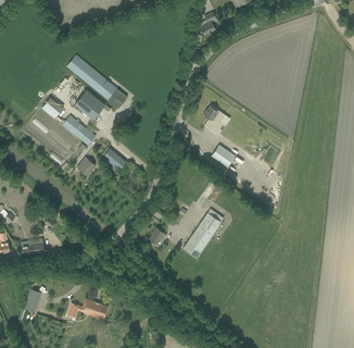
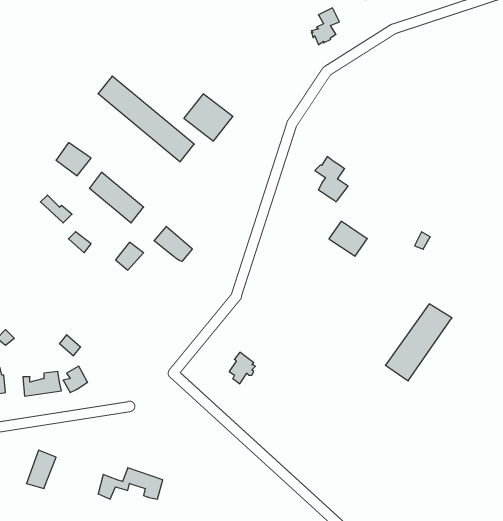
building: [76,89,106,119] -> [184,94,233,141]
building: [182,209,224,257] -> [385,304,452,381]

